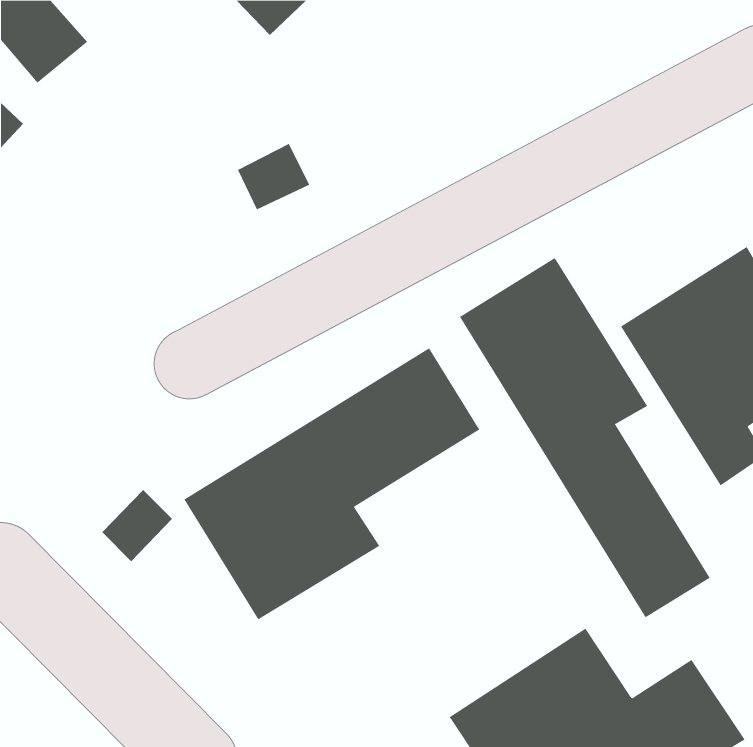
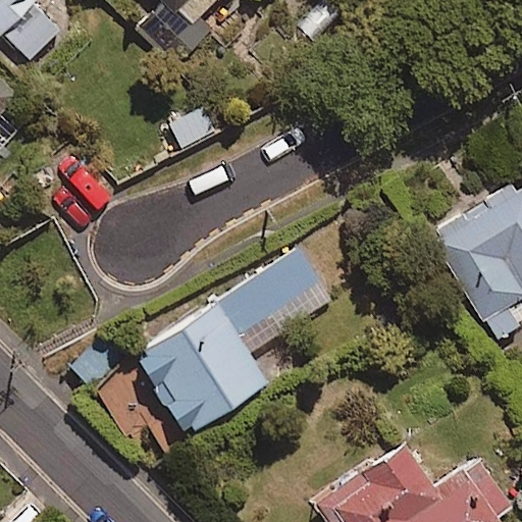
building: [459,257,711,618] -> none

